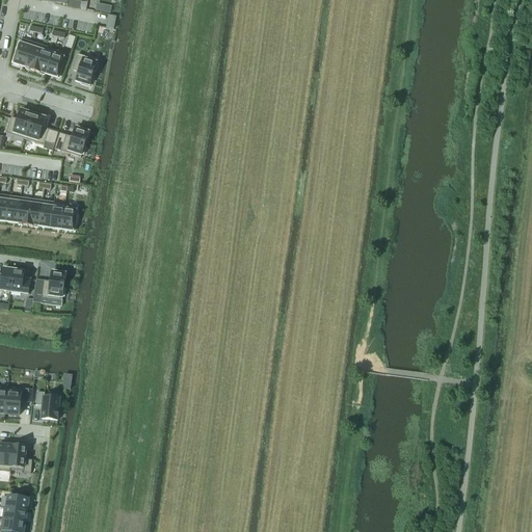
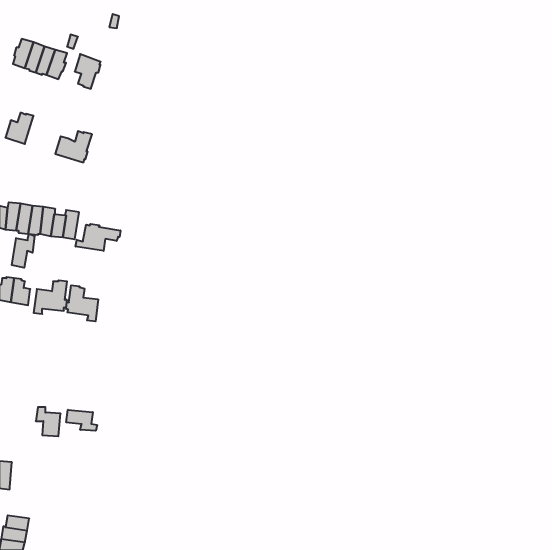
building: [24,111,58,144] -> none
building: none -> [76,224,120,251]
building: none -> [12,234,35,268]
building: none -> [66,285,98,321]
building: [4,385,28,415] -> none
building: none -> [66,410,97,431]
building: [9,444,31,472] -> none

